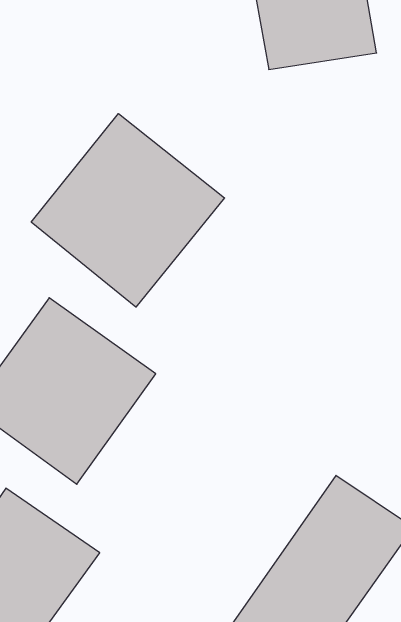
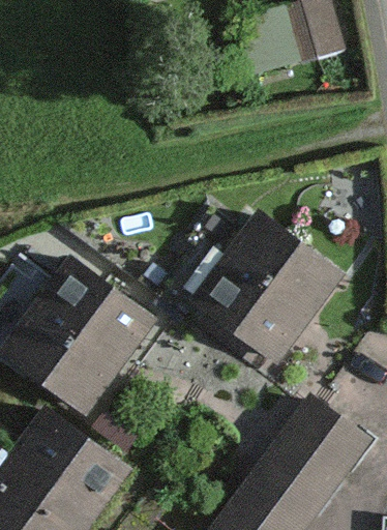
building: [31,114,225,307] -> none
building: none -> [190,211,334,355]

